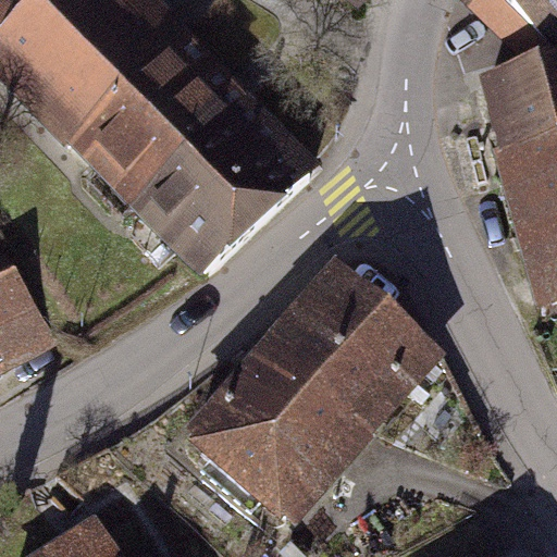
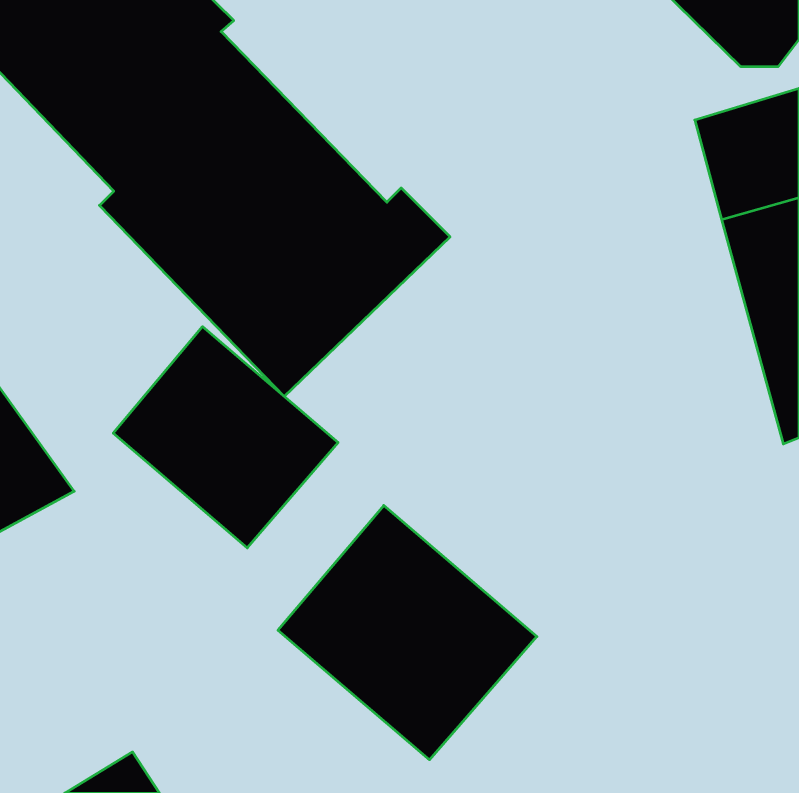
building: none -> [113,327,338,548]
building: [265,263,444,438] -> none

